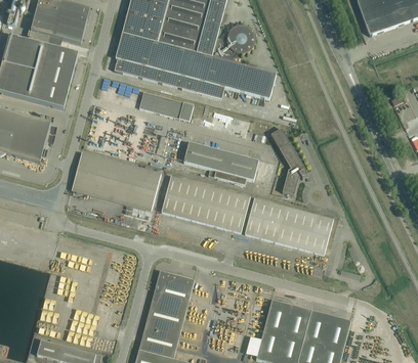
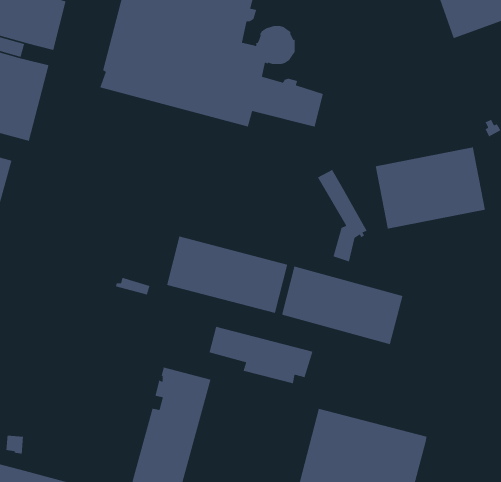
building: [139,91,194,121] -> none
building: none -> [375,146,486,230]
building: [183,142,259,184] -> [208,326,314,384]
building: [73,152,161,209] -> none

